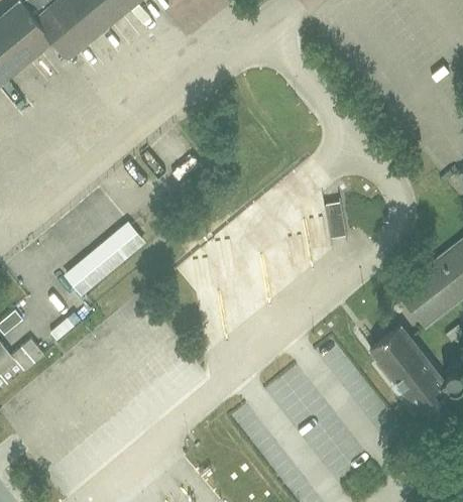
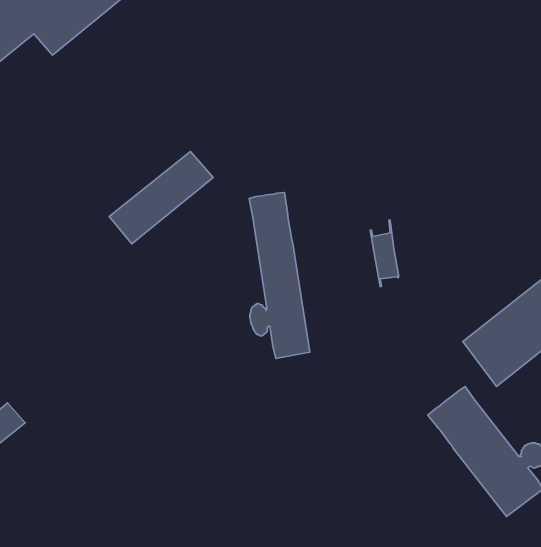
building: none -> [249,192,310,358]
building: [61,222,144,296] -> [109,151,213,244]

